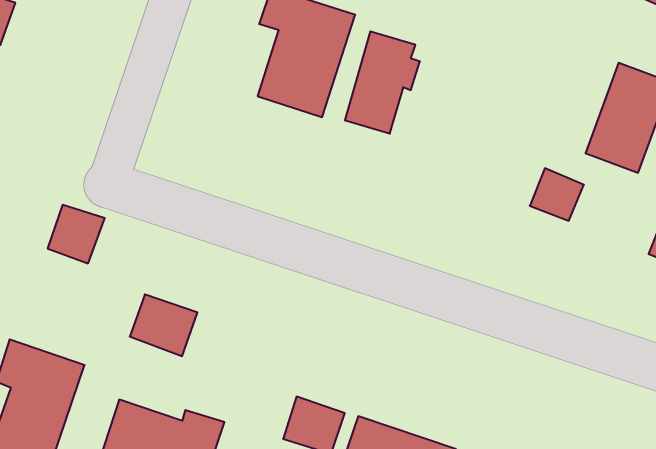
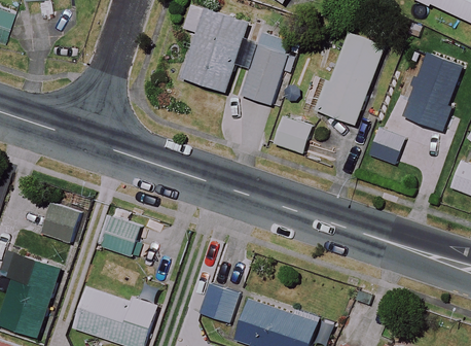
building: none -> [314,31,384,127]
building: none -> [271,114,312,152]
building: [48,205,105,263] -> [41,203,80,243]

